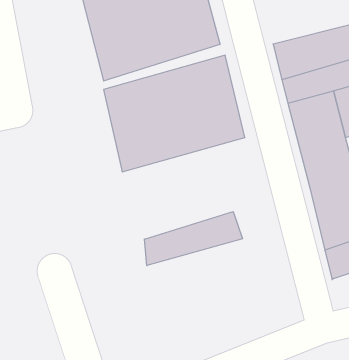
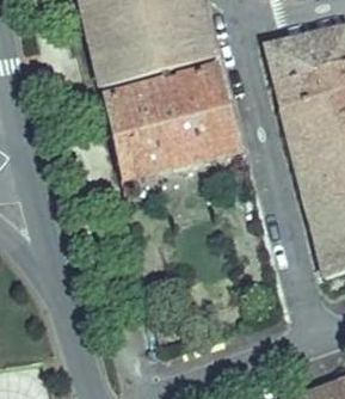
building: [144,212,243,266] -> none

